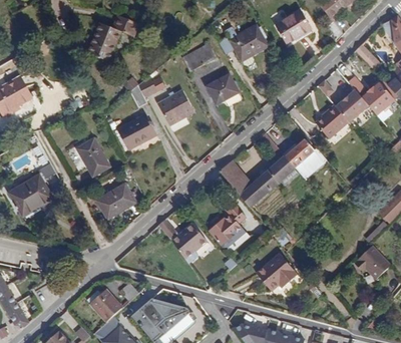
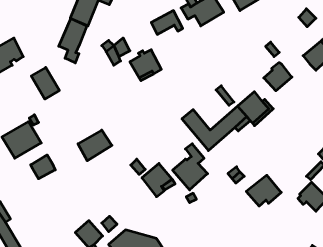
building: none -> [59,18,87,63]
building: [206,73,239,104] -> none
building: [336,90,369,123] -> none
building: [117,112,157,149] -> none
building: [76,138,109,176] -> [31,67,59,99]
building: none -> [31,155,55,179]
building: [256,254,297,290] -> [246,175,281,206]

